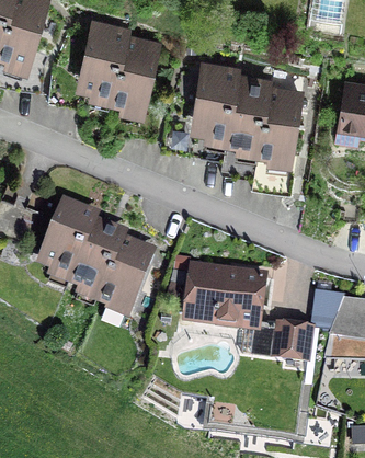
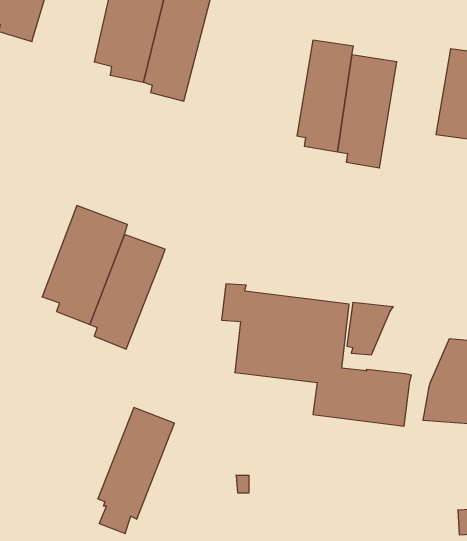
building: [190,59,242,145] -> none
building: [100,237,158,332] -> [98,407,174,534]
building: [311,291,346,331] -> [347,303,393,355]

